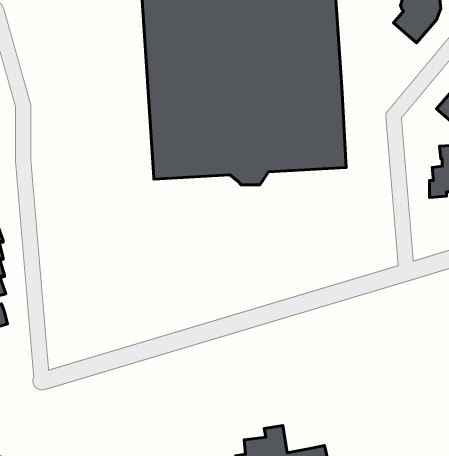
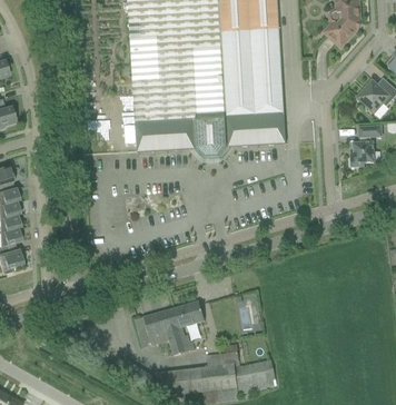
building: none -> [135,302,204,355]

